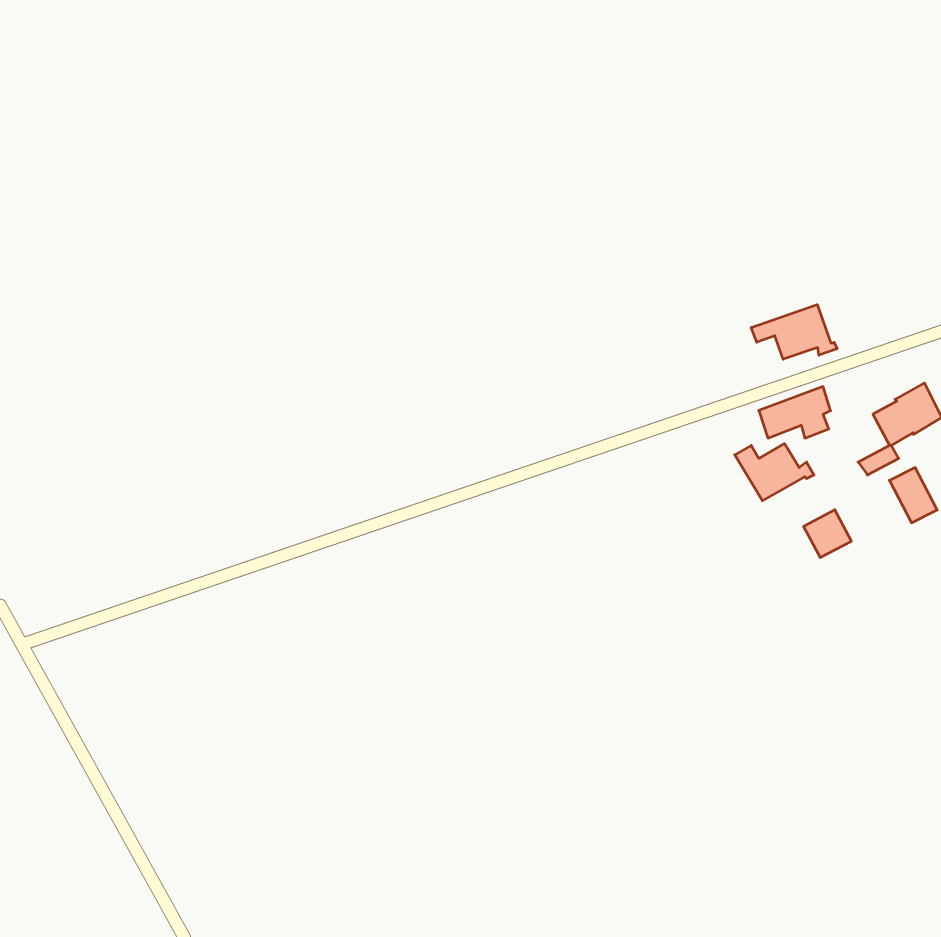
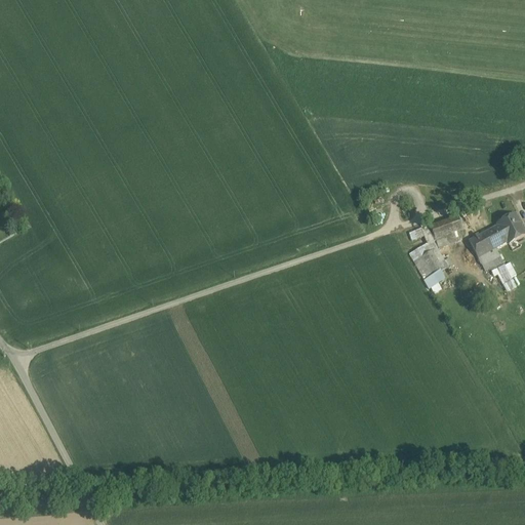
building: [751,305,837,359] -> none
building: [804,510,851,558] -> [469,231,495,257]

